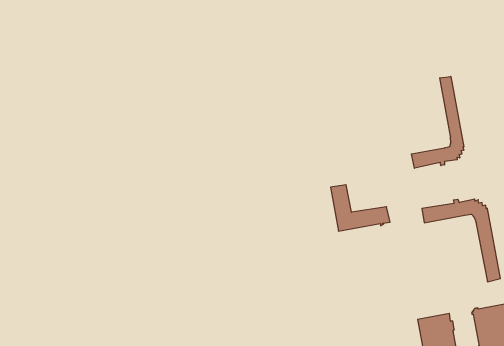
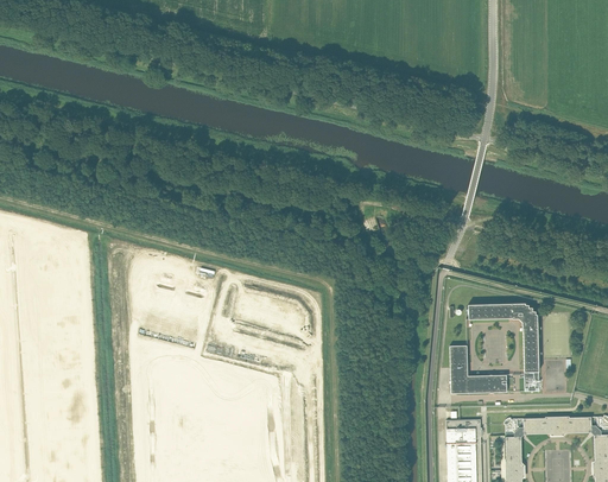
building: [411,76,464,168] -> none
building: [331,185,390,231] -> [450,345,507,394]

